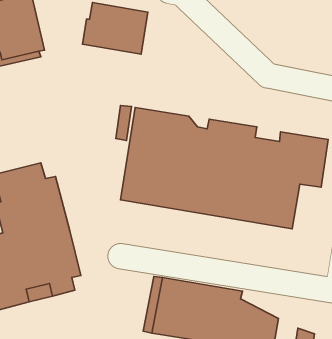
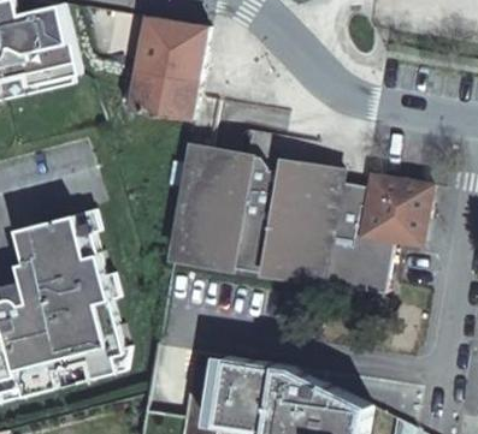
building: none -> [119,67,197,120]

